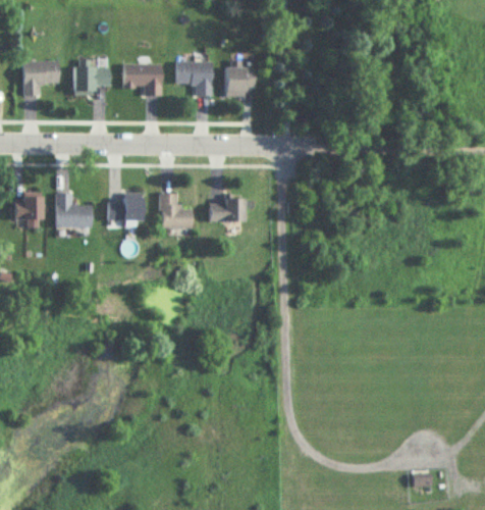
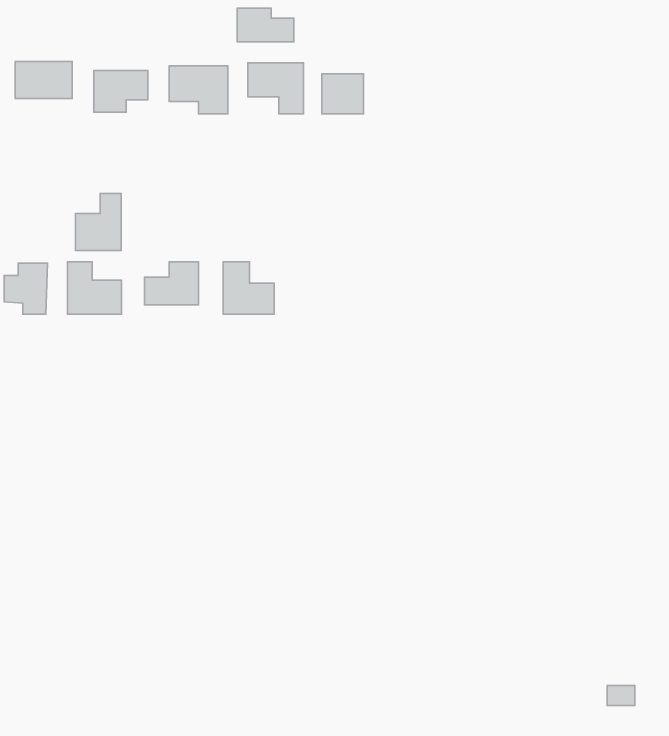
building: none -> [237,8,294,42]
building: none -> [75,193,121,251]
building: [209,199,246,221] -> none

